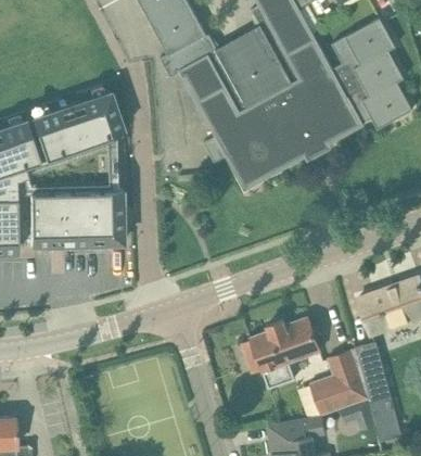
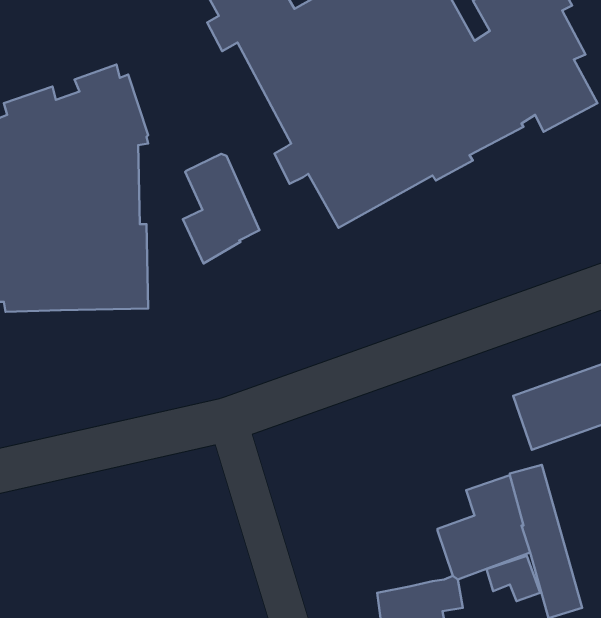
building: none -> [183,154,260,264]
building: [242,317,320,389] -> none

